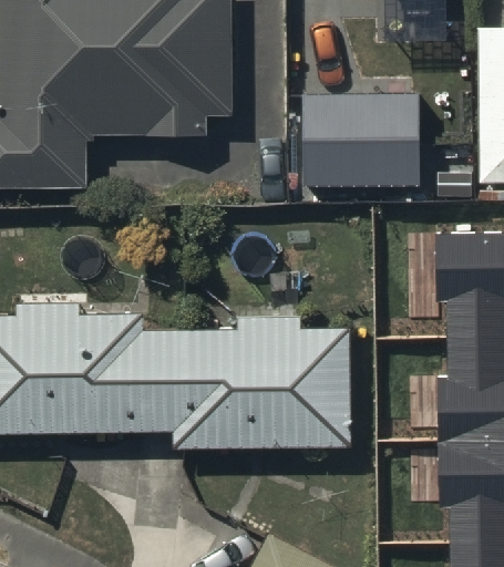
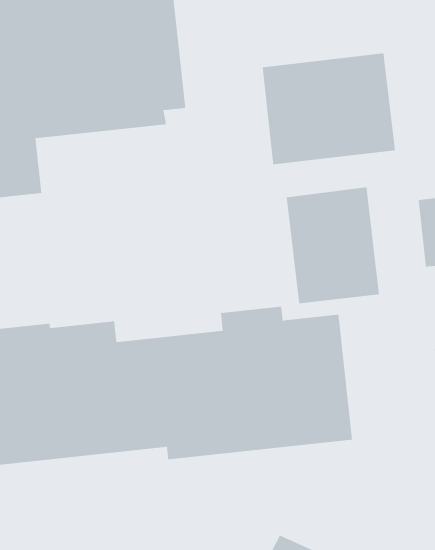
building: none -> [286,186,379,304]

